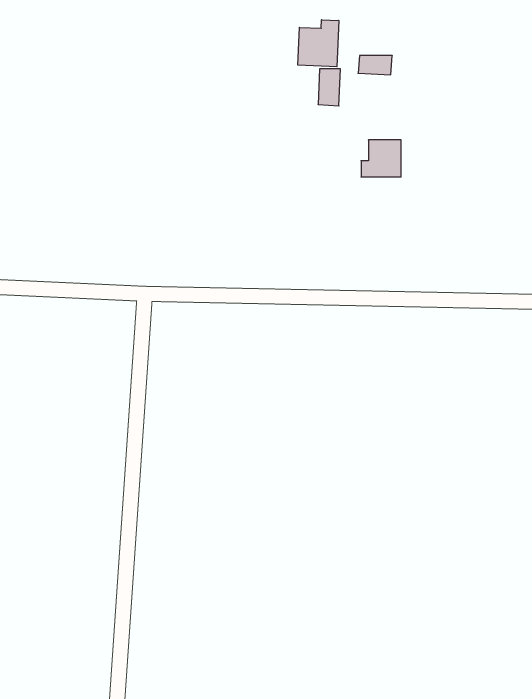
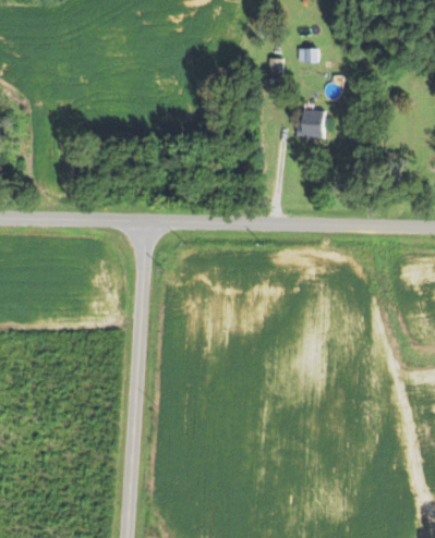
building: [298,20,339,67] -> none

